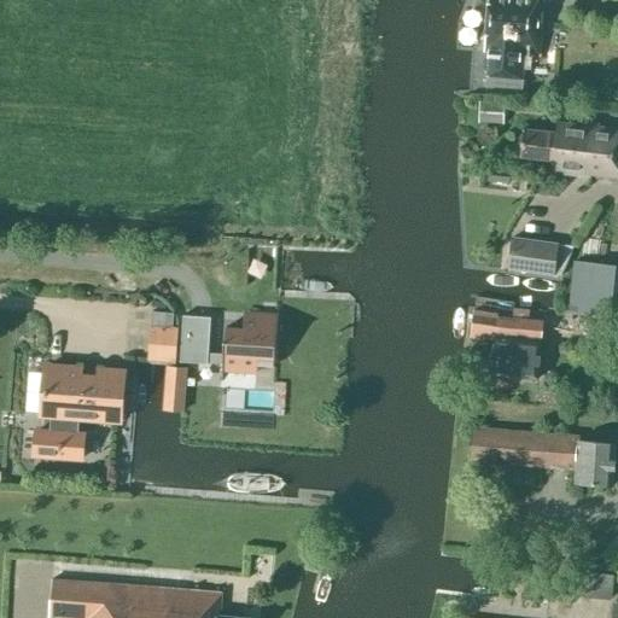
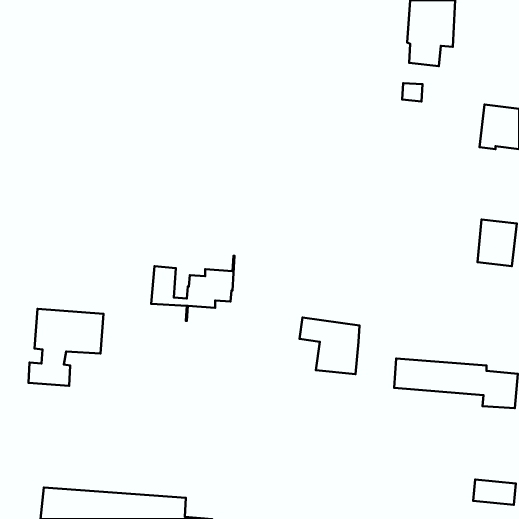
building: [519,123,576,175] -> none
building: [506,237,573,275] -> none
building: [471,311,542,379] -> [300,317,359,374]
building: [147,326,186,412] -> none

